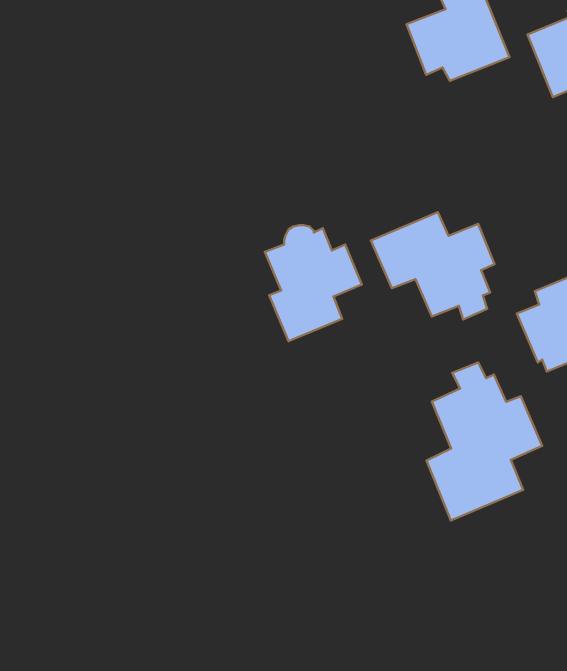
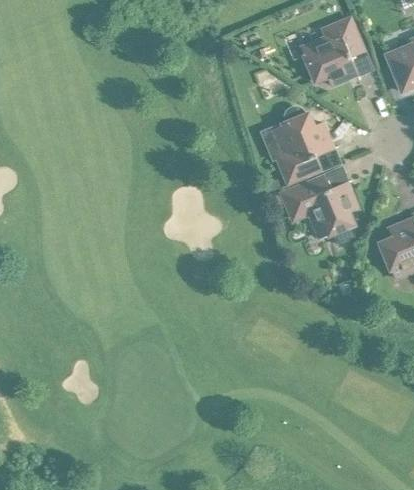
building: [265,225,362,341] -> [271,107,336,185]
building: [426,362,542,520] -> none

